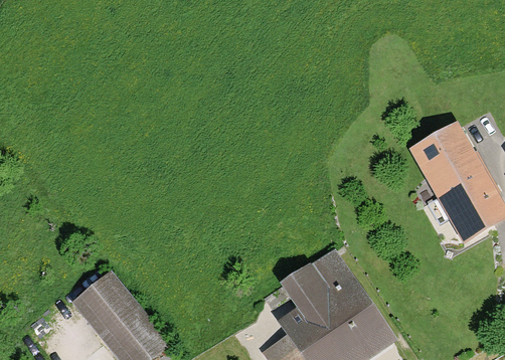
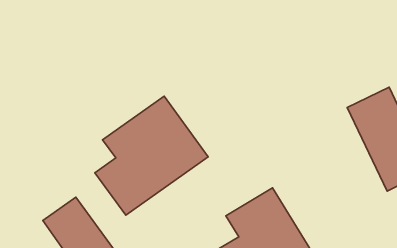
building: none -> [95,96,208,215]

